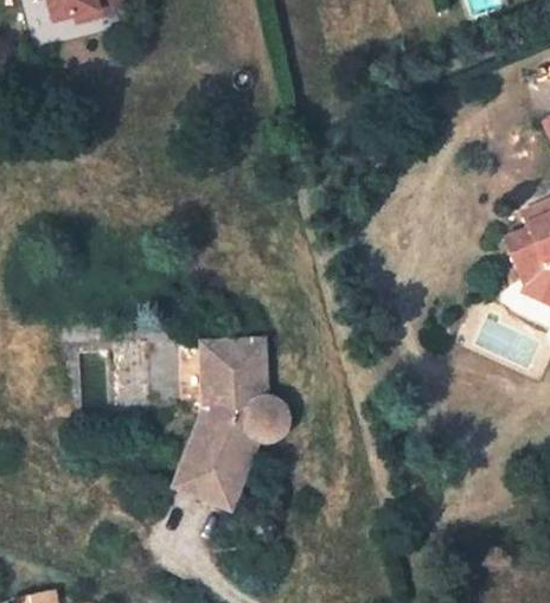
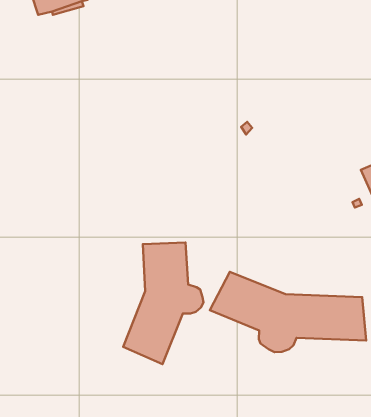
building: none -> [210,272,366,352]

